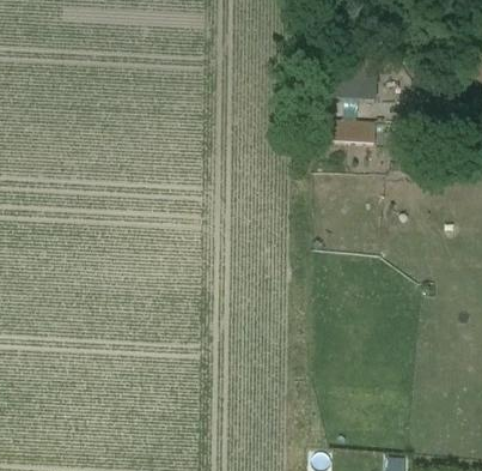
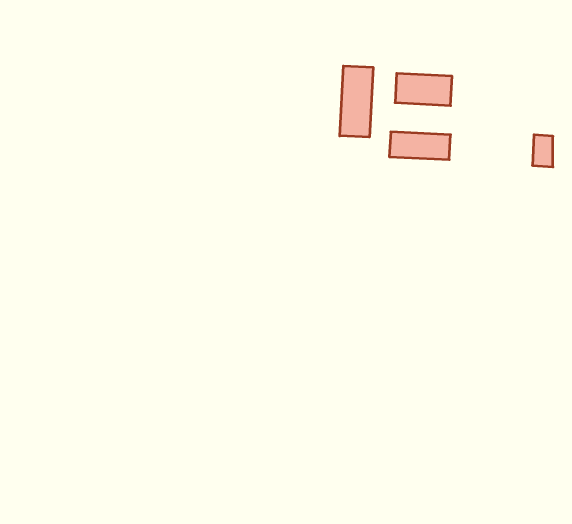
building: none -> [340,66,373,137]

